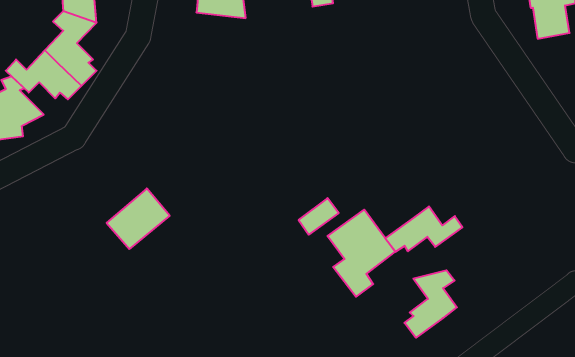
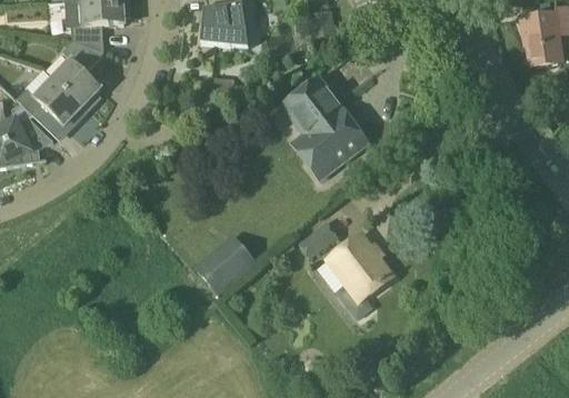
building: none -> [282,74,367,177]
building: [107,188,170,249] -> [192,232,253,291]
building: [385,206,462,252] -> none
building: [404,270,457,338] -> none

